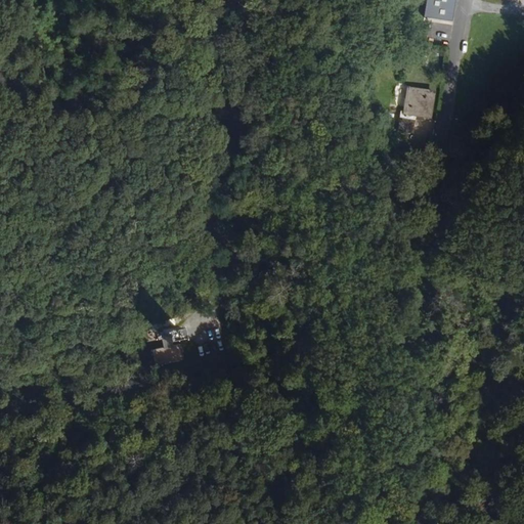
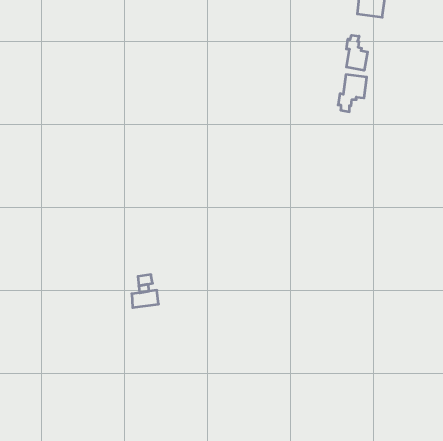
building: none -> [346,35,368,70]

